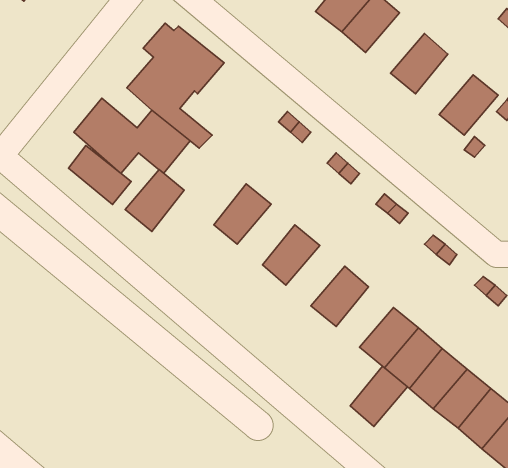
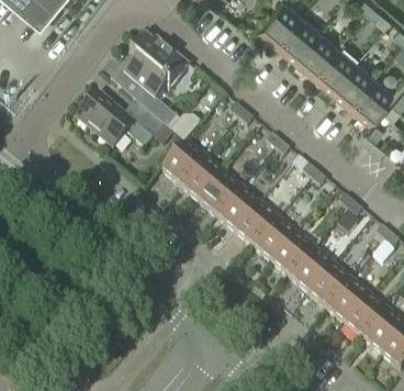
building: none -> [295,32,339,77]
building: none -> [333,63,375,108]
building: [69,145,131,204] -> none
building: [125,170,184,231] -> [162,144,206,190]
building: none -> [200,175,243,220]
building: none -> [236,205,280,250]
building: [350,366,408,426] -> [273,236,316,281]

